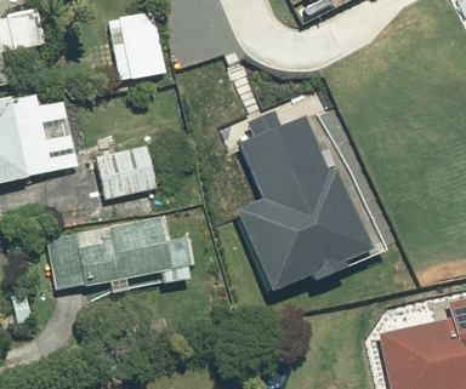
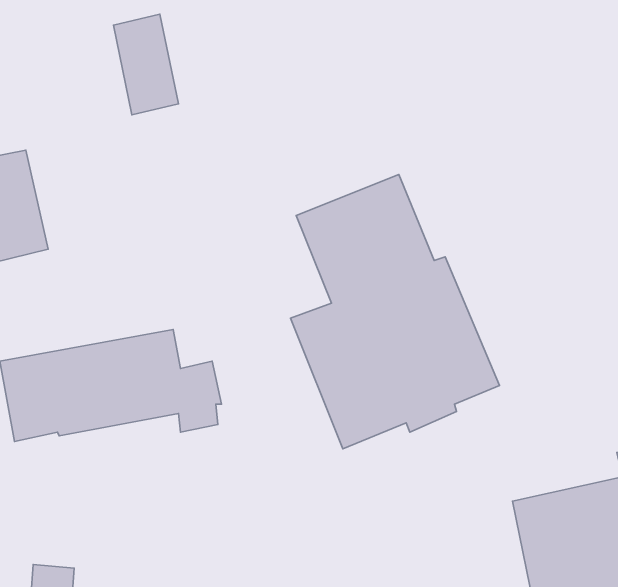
building: [95,149,155,202] -> none

